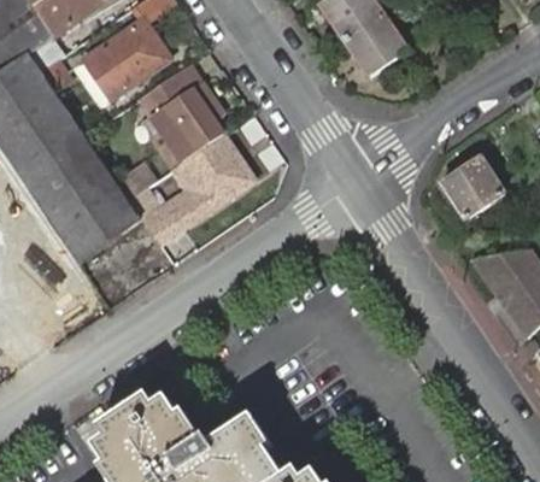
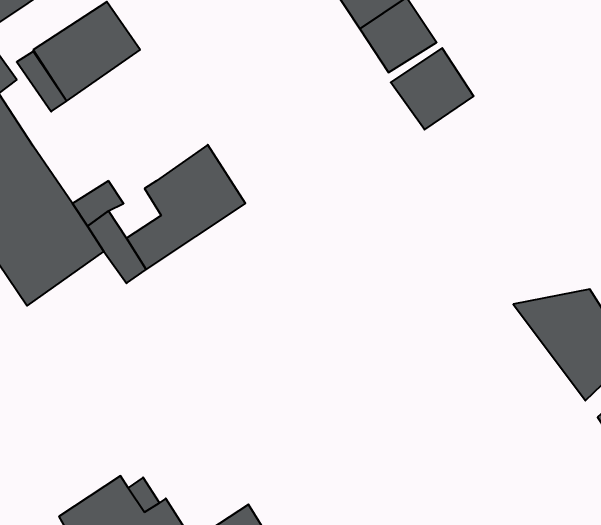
building: none -> [391,48,474,130]
building: [152,84,224,161] -> none
building: [441,155,505,217] -> none

